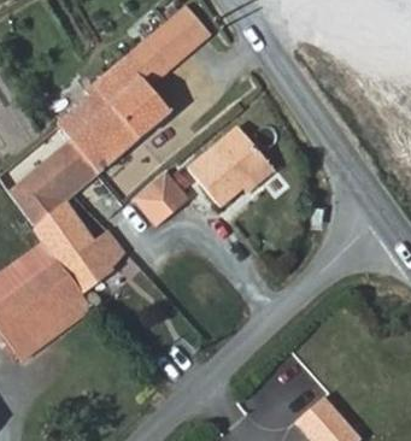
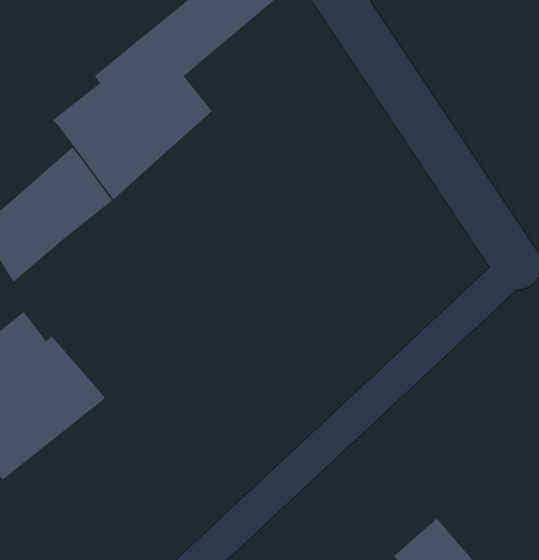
building: [182,128,268,211] -> none
building: [134,170,189,225] -> none
building: [33,201,137,294] -> none

